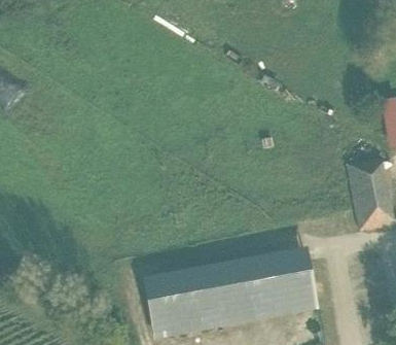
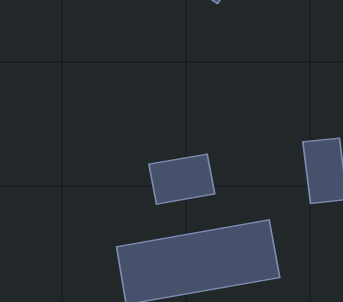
building: none -> [149,154,215,204]

